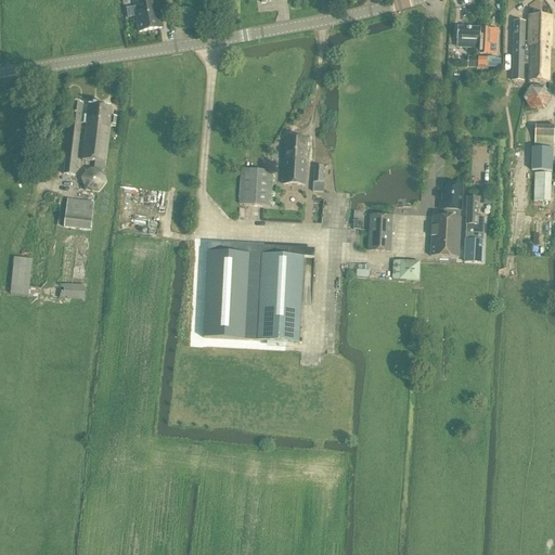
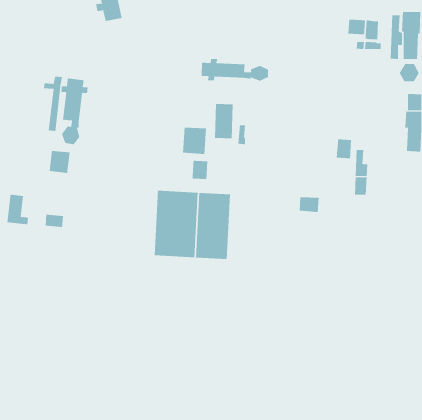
building: none -> [201,58,268,81]
building: none -> [192,160,208,181]
building: [367,214,391,249] -> none
building: [429,215,460,255] -> none

